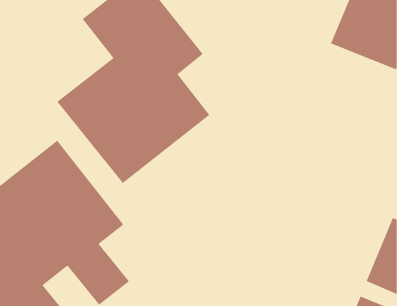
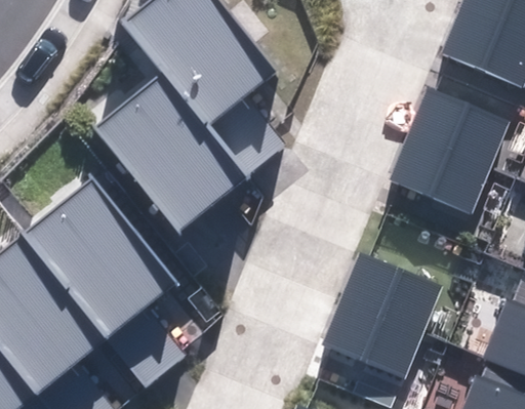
building: none -> [389,87,511,212]
building: none -> [322,254,444,381]

